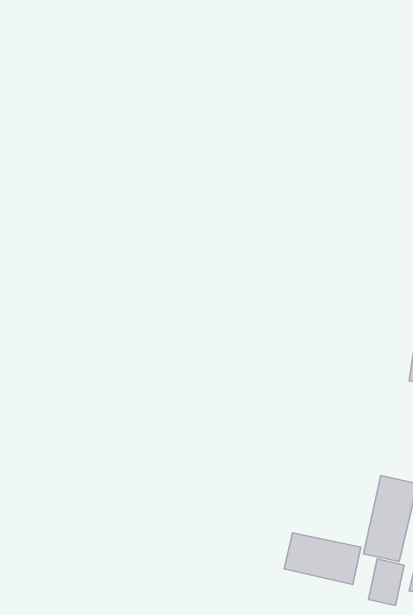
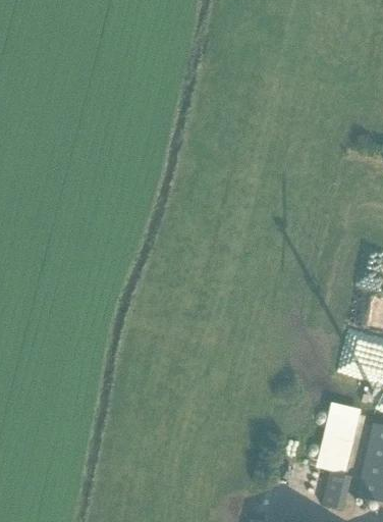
building: [284,533,361,585] -> none

